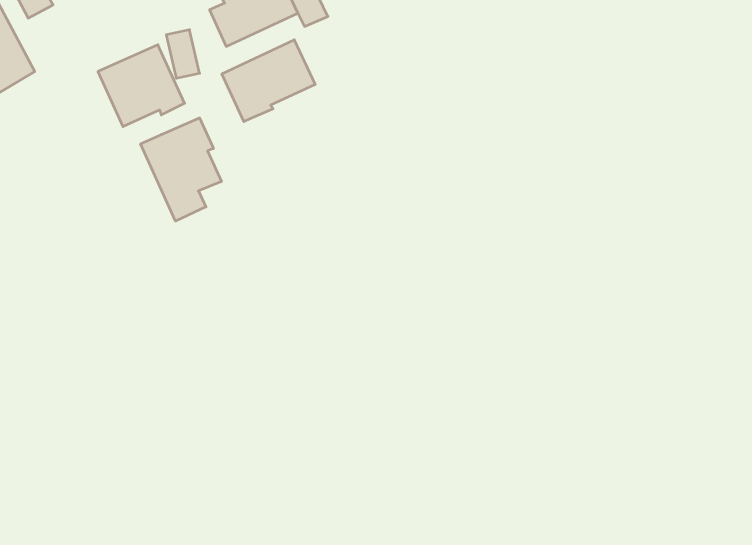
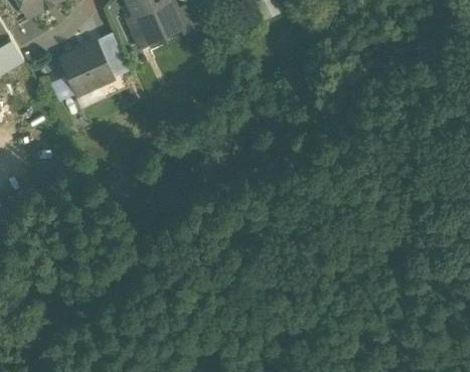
building: [222,40,315,122] -> none
building: [141,118,221,221] -> none

